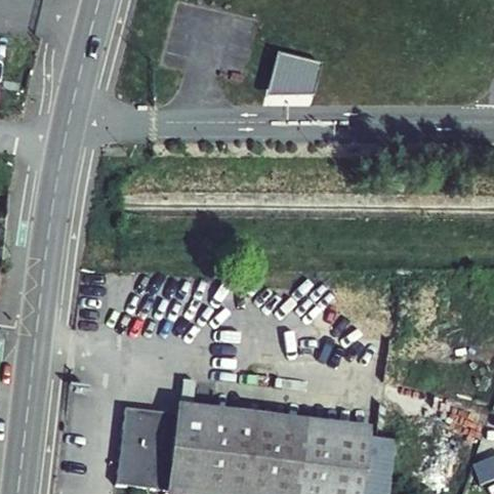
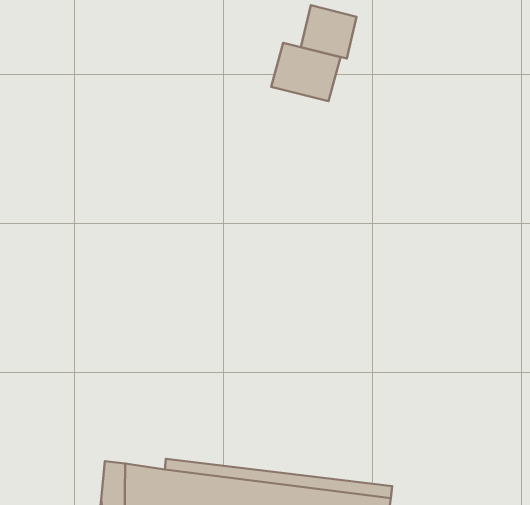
building: none -> [301,5,357,59]

